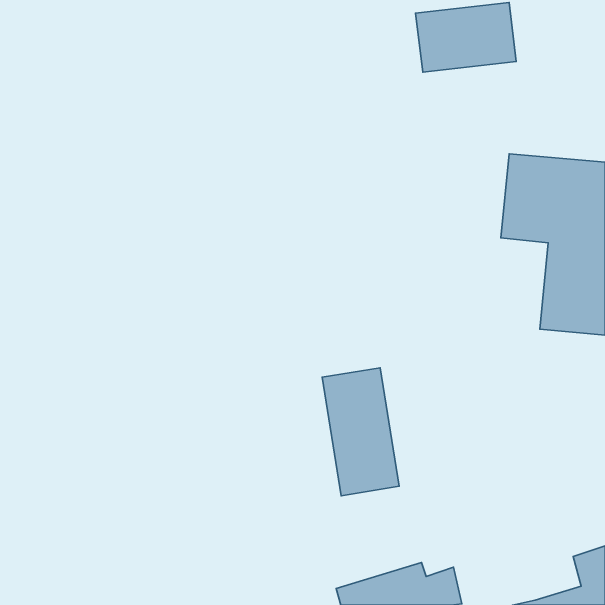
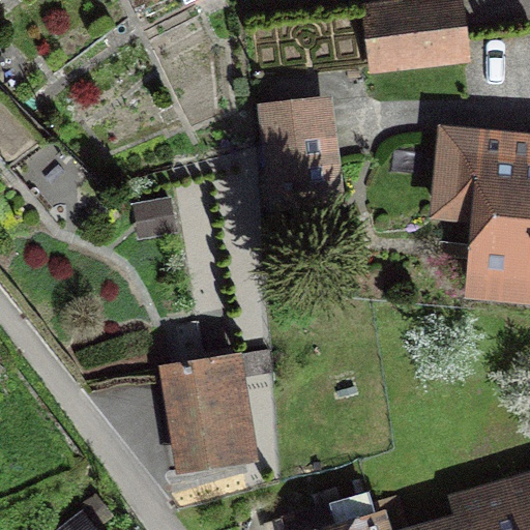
building: none -> [261,100,333,199]
building: [322,368,399,496] -> [180,355,247,467]

